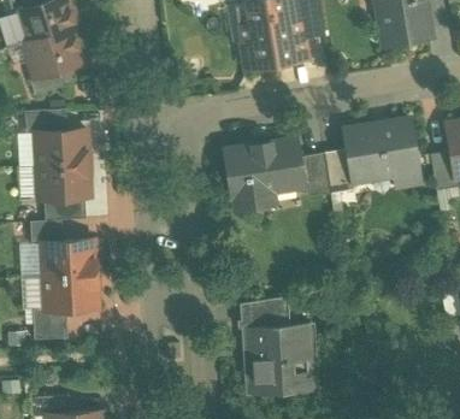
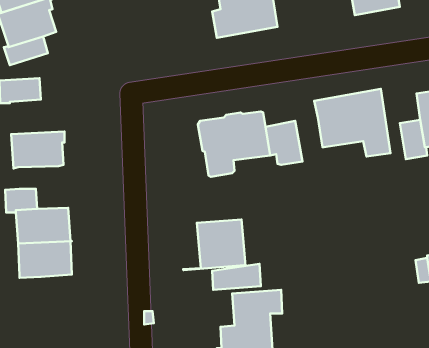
building: [35,129,90,165] -> none
building: [324,148,354,193] -> none
building: [43,197,85,220] -> none
building: none -> [183,220,246,270]
building: [33,308,67,340] -> none

